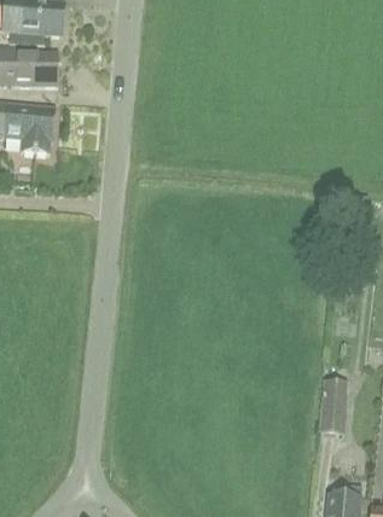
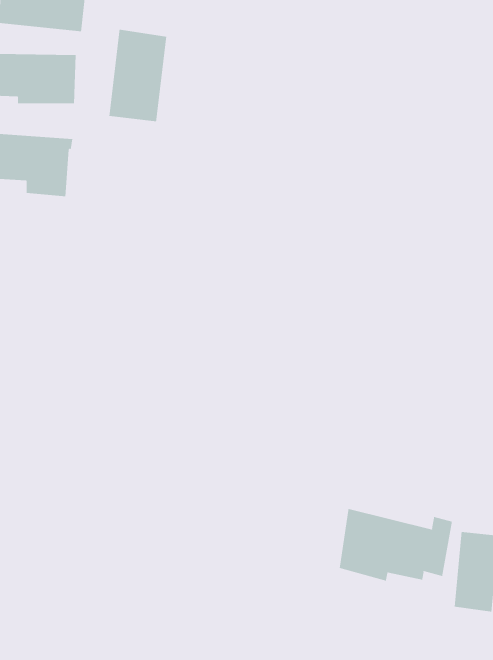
building: none -> [109,29,167,122]
building: none -> [339,508,452,582]

